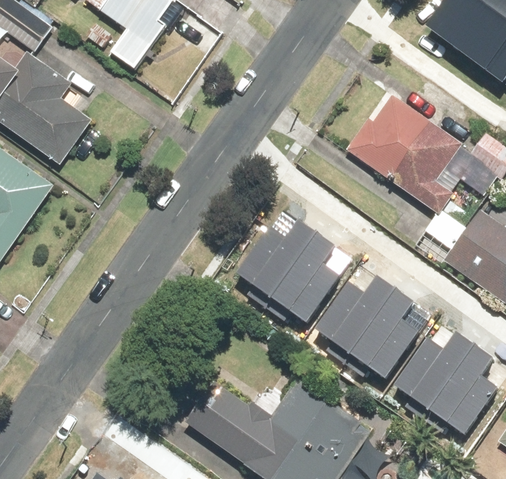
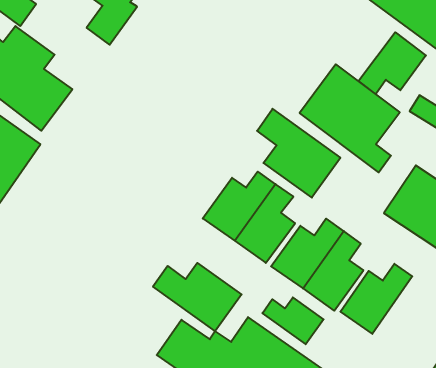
building: none -> [359,32,426,94]
building: none -> [257,109,340,198]
building: none -> [153,263,242,331]
building: [430,334,497,424] -> none
building: none -> [262,297,324,344]

